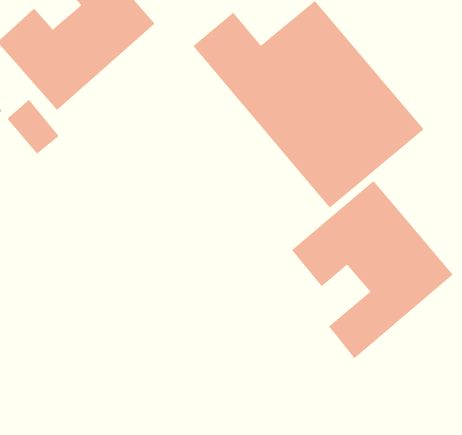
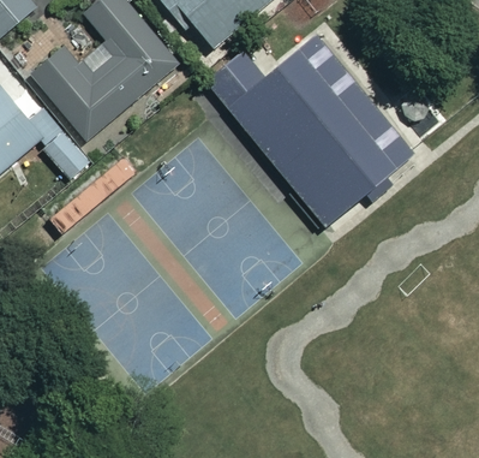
building: [291,180,454,359] -> none

